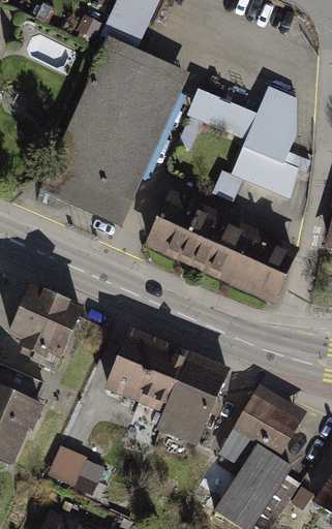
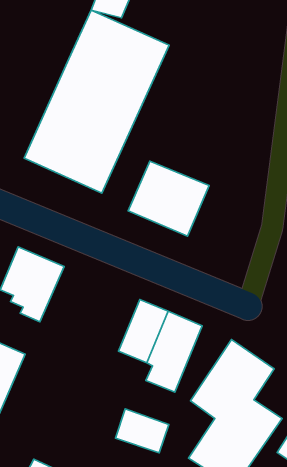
building: [191,82,298,191] -> none
building: [211,220,297,300] -> none
building: [108,329,160,396] -> none
building: [48,442,104,489] -> [115,409,169,453]

